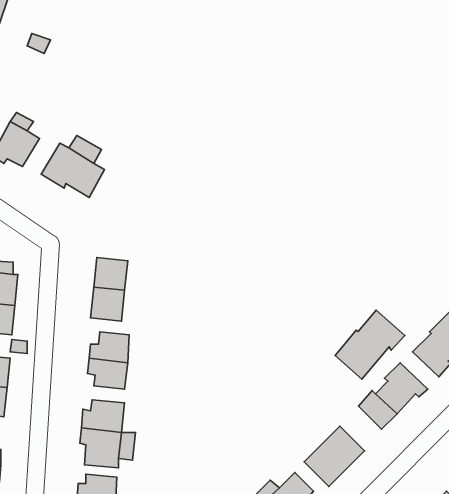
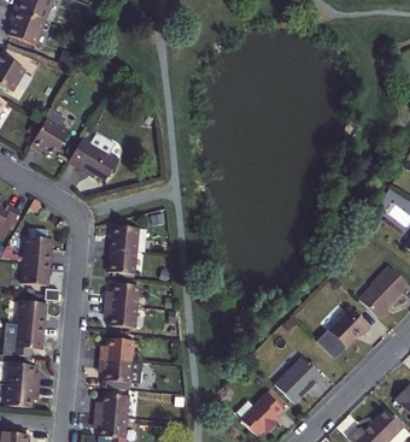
building: [335,310,405,379] -> none

